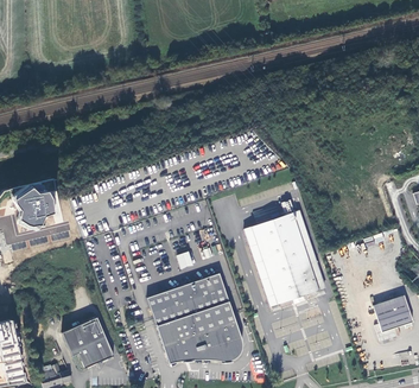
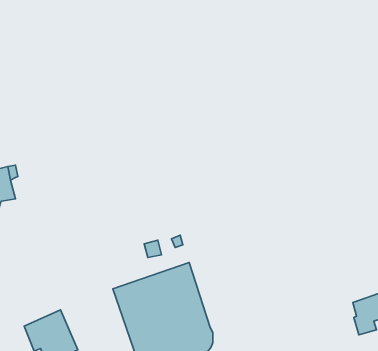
building: [245,198,325,305] -> none

